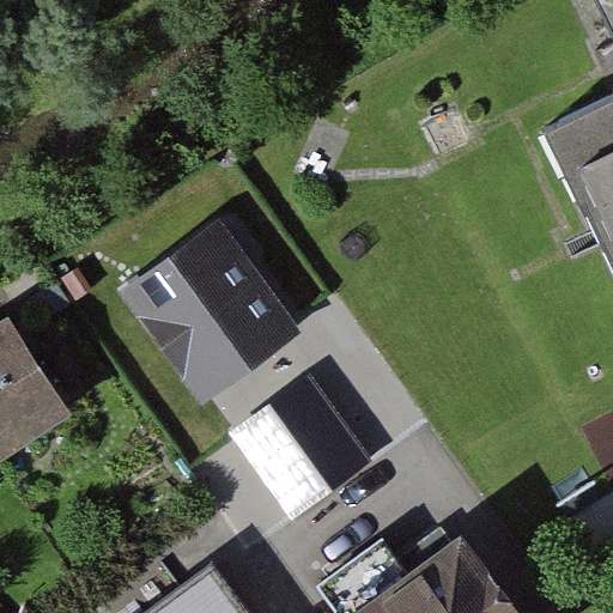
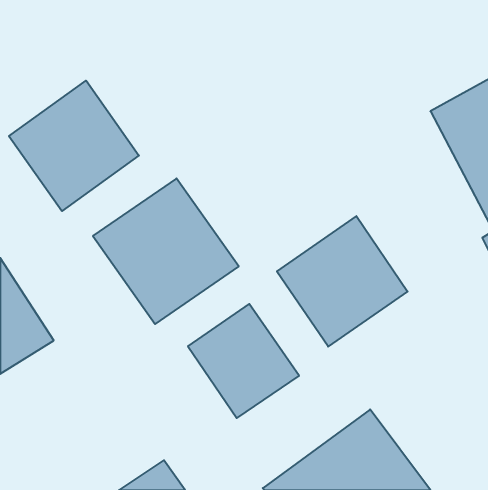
building: none -> [9,81,139,211]
building: none -> [277,216,408,347]

